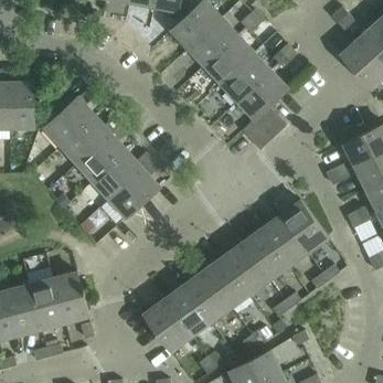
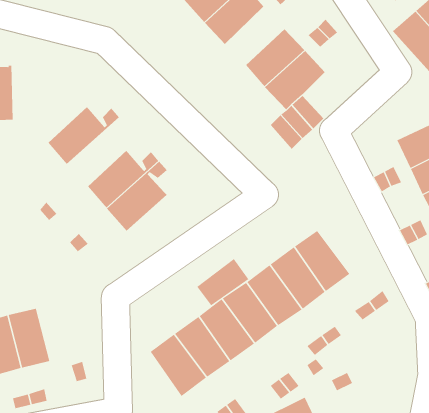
building: [205,34,254,82] -> none
building: [45,88,95,145] -> none
building: [77,124,127,180] -> none
building: [280,201,327,251] -> none
building: none -> [197,258,249,306]
building: [53,272,88,321] -> none

